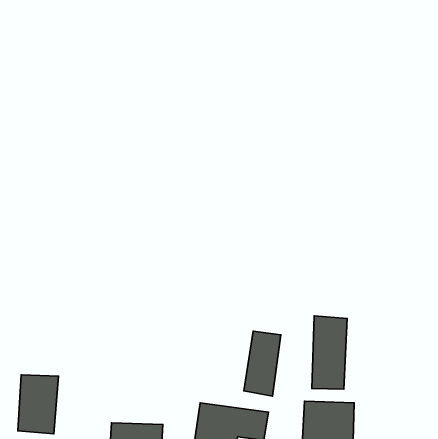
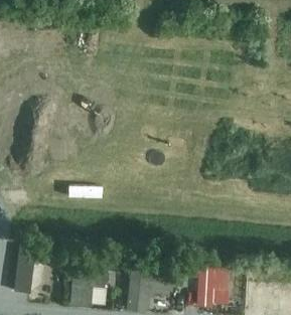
building: [312,316,347,389] -> none
building: [244,331,281,396] -> none

